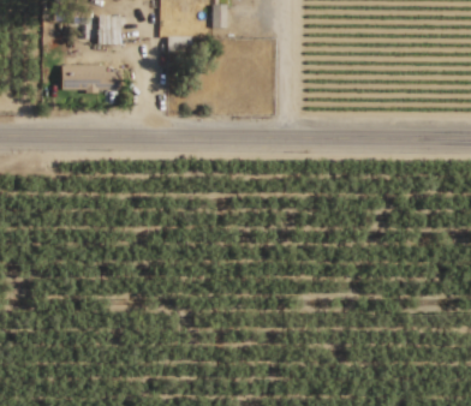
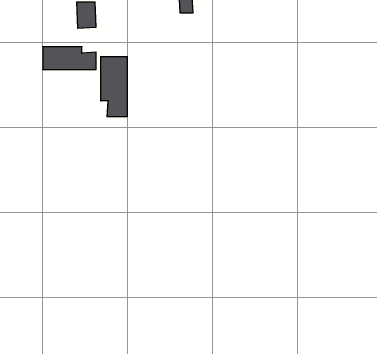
building: none -> [101,57,127,117]

